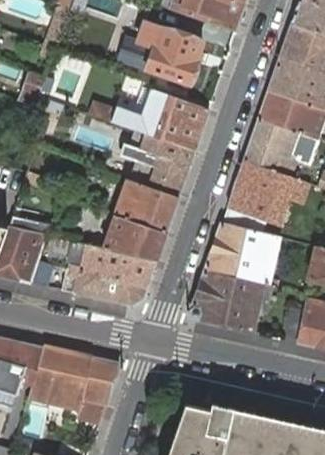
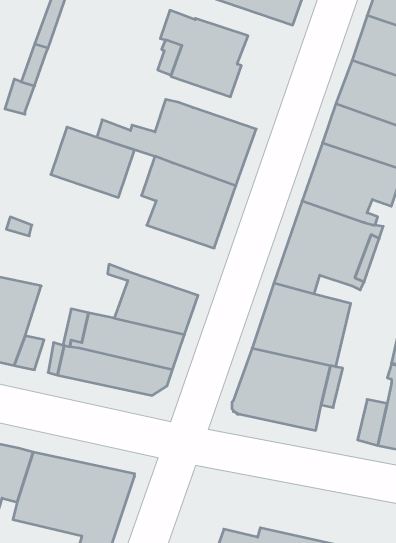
building: [115,180,177,232] -> [51,127,135,197]

